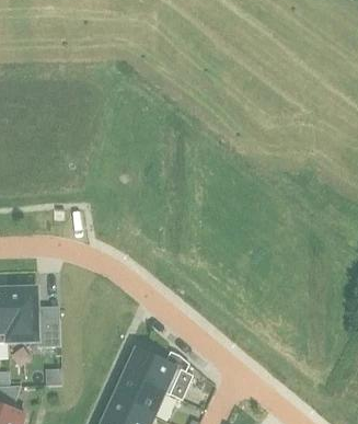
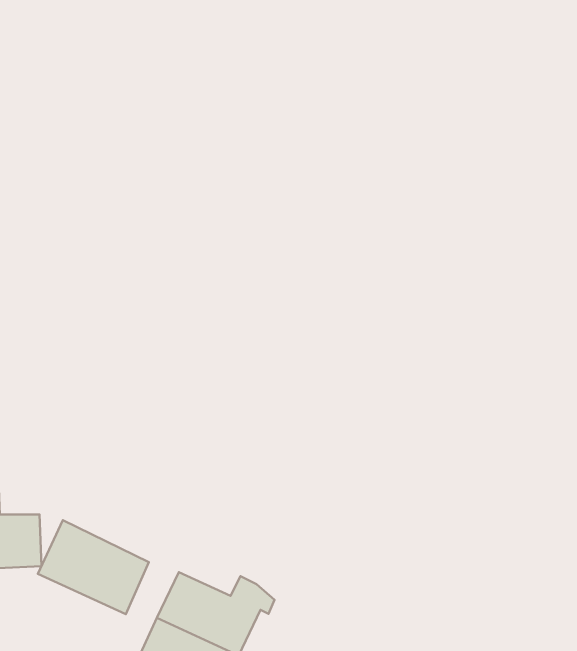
building: none -> [38,520,149,614]

